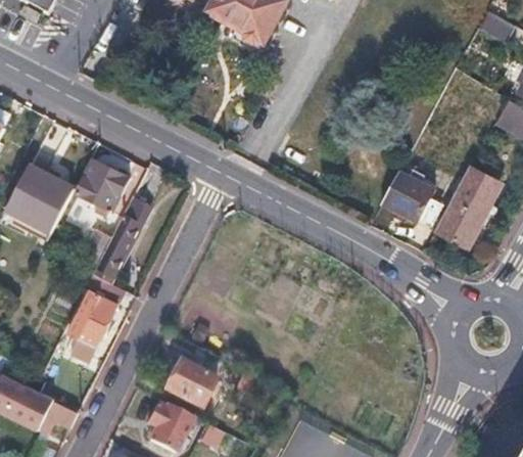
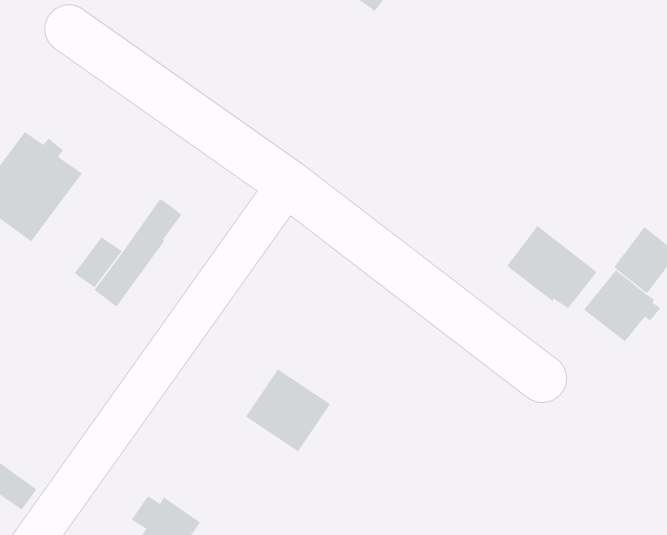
building: [78,155,131,210] -> none
building: [67,275,123,363] -> none
building: [164,351,223,407] -> [245,368,331,452]

